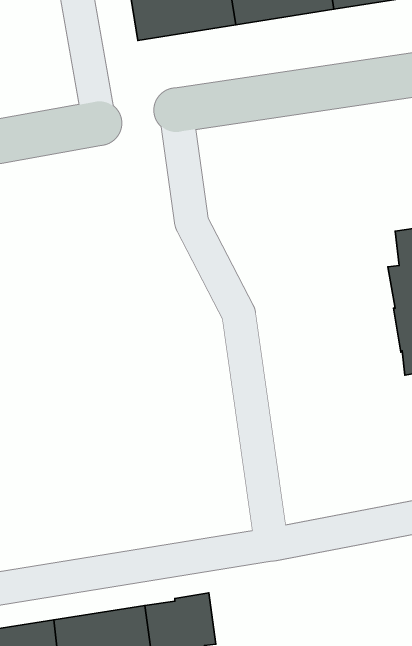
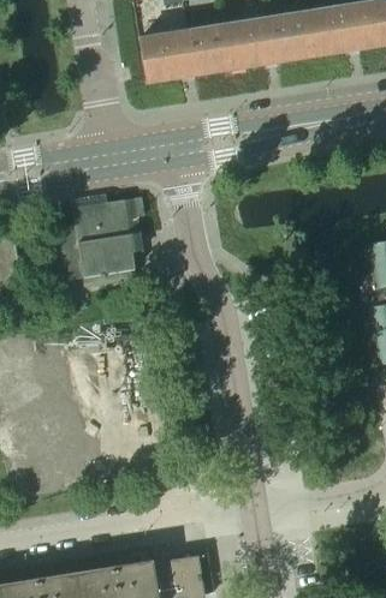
building: none -> [65,197,153,289]

